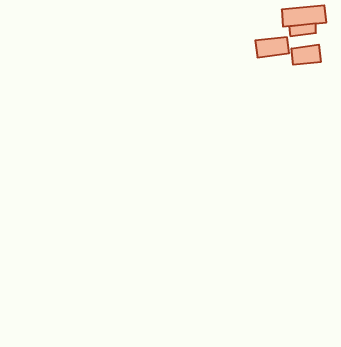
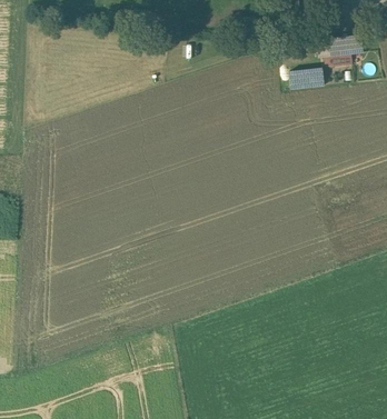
building: [292,45,321,65] -> none

